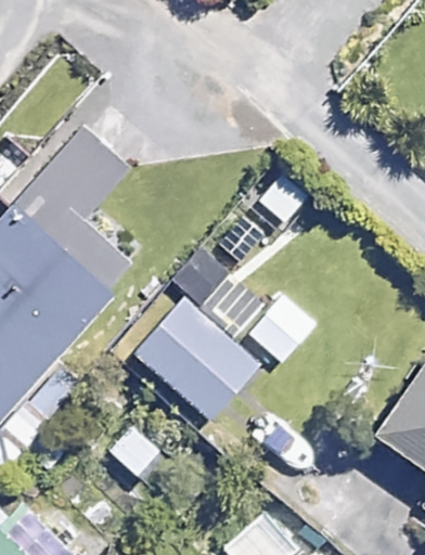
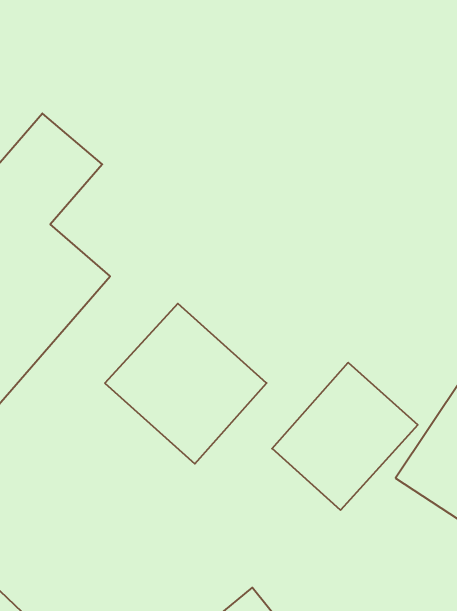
building: none -> [272,363,418,510]

